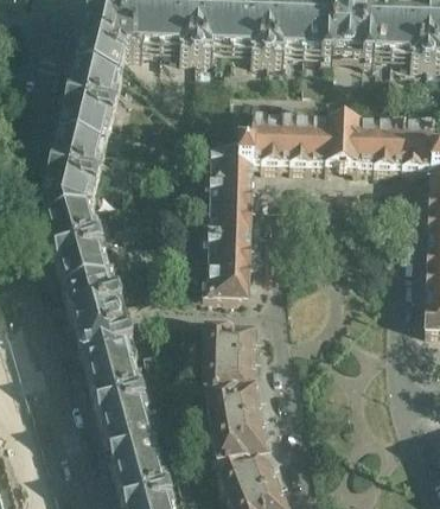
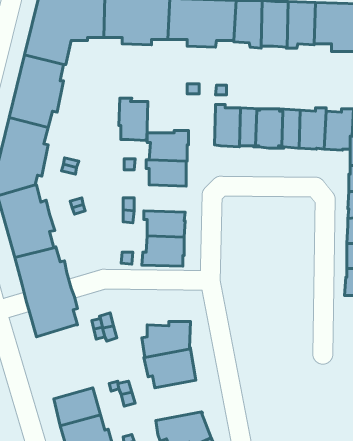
building: [250,120,282,166] -> [119,98,148,141]
building: [204,209,250,238] -> none
building: [203,325,256,363] -> none
building: [87,362,148,443] -> none
building: [212,422,267,466] -> none

